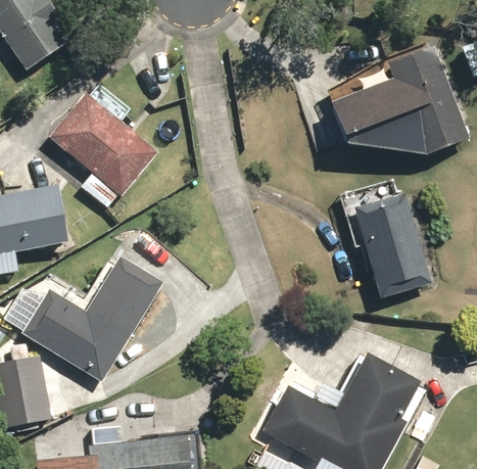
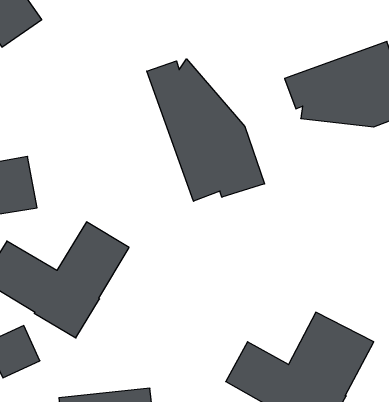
building: none -> [147,59,265,201]
building: [50,94,154,192] -> none
building: [354,192,432,295] -> none

